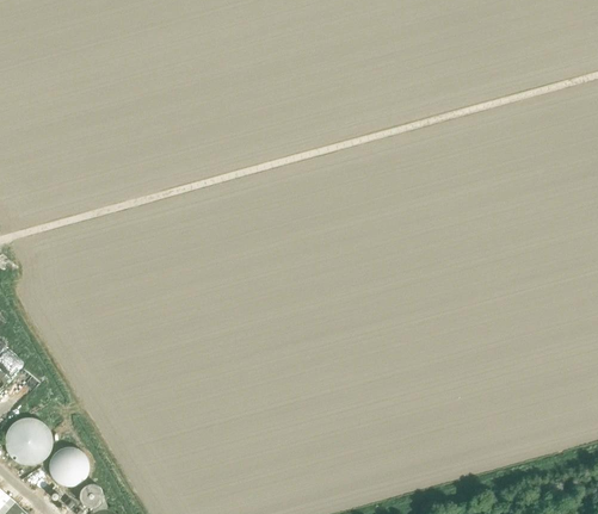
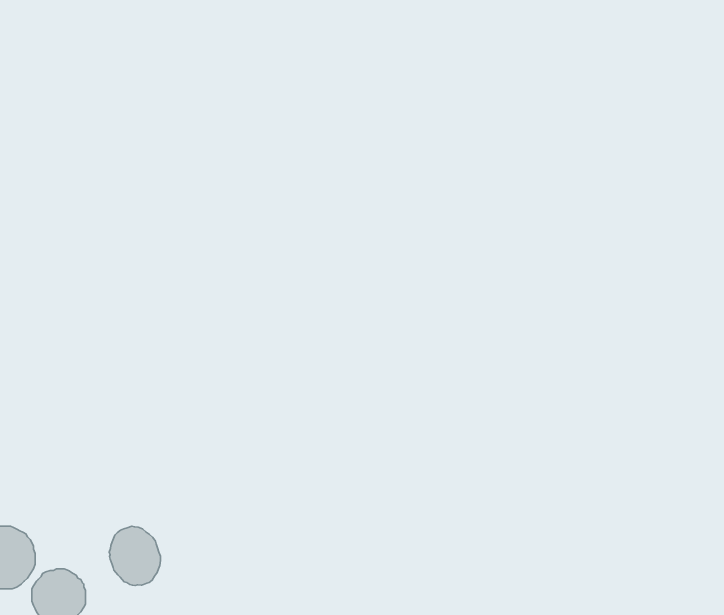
building: none -> [109,526,161,586]

